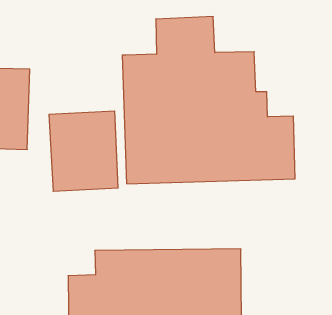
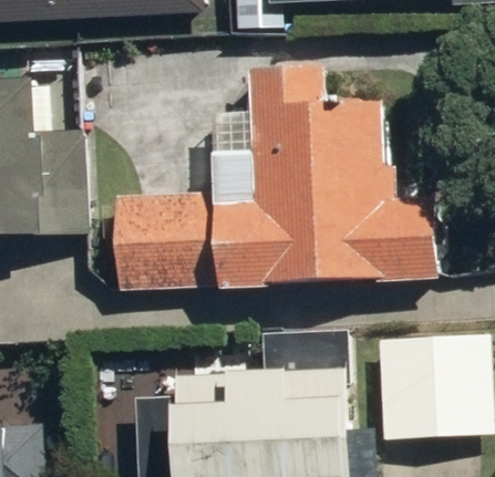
building: none -> [380,334,478,436]

